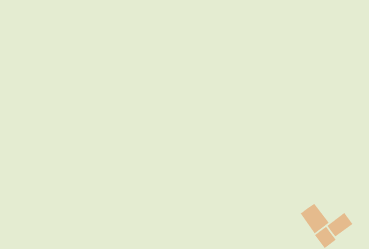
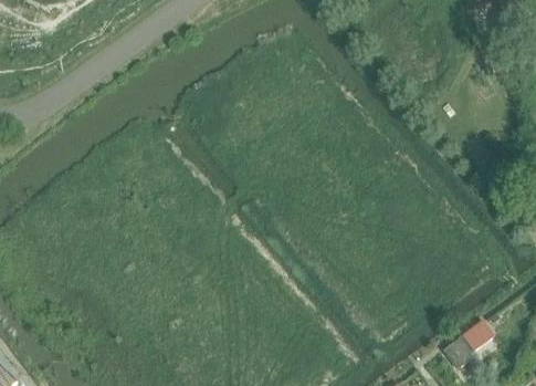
building: [300,203,330,234] -> none

